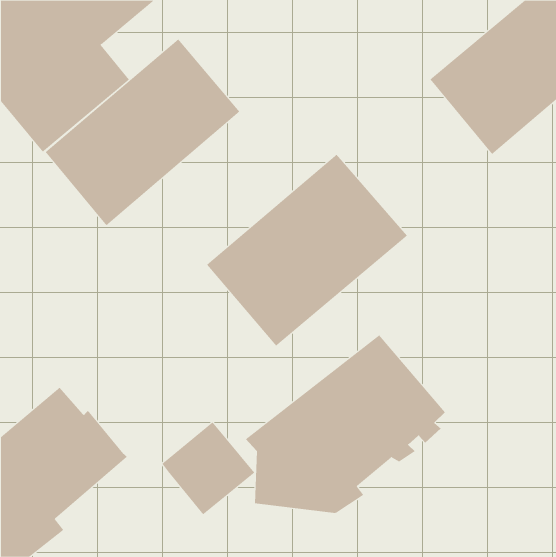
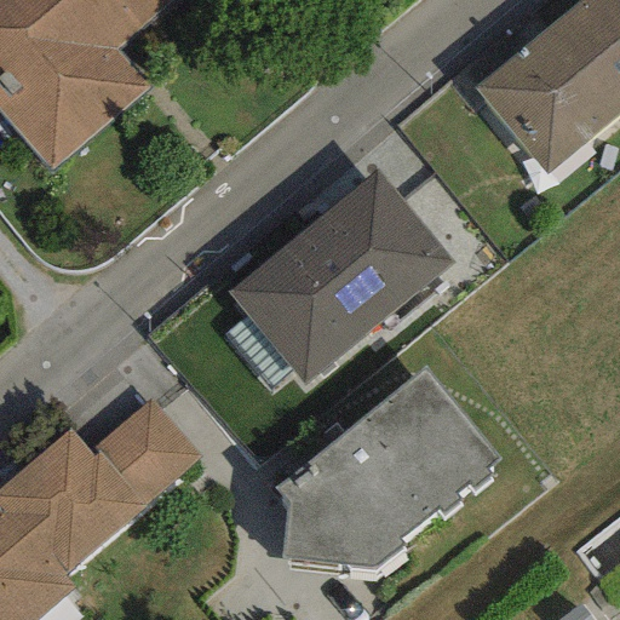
building: [45,38,240,226] -> none
building: [162,421,255,515] -> [93,400,197,504]

